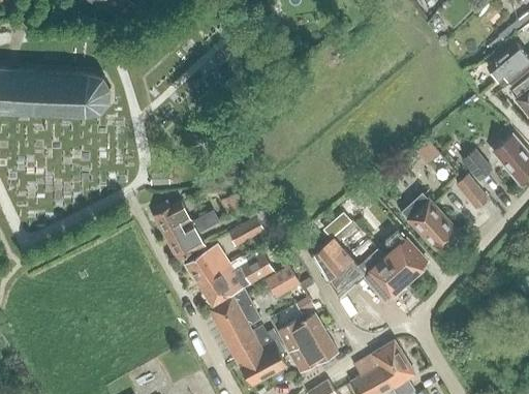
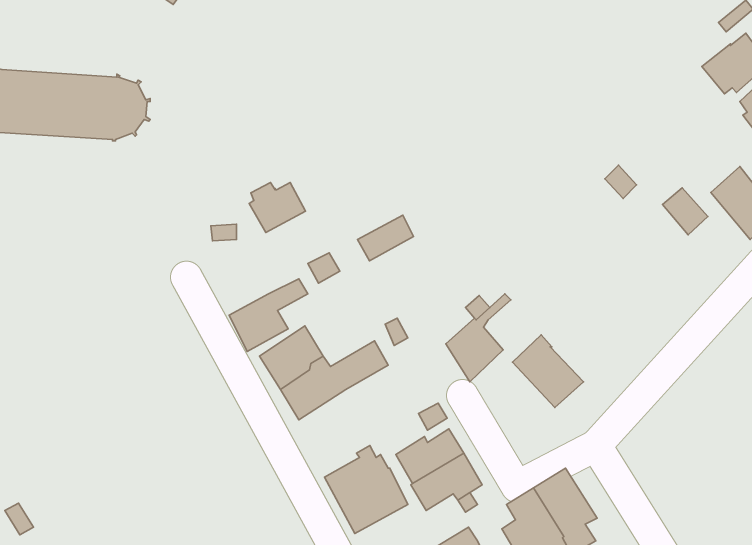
building: [454,174,487,209] -> none
building: [407,200,460,252] -> none
building: [153,202,191,236] -> [249,182,305,232]
building: [225,216,263,247] -> [357,215,413,261]
building: [383,232,427,281] -> none
building: [266,266,301,298] -> none
building: [209,289,261,346] -> none

